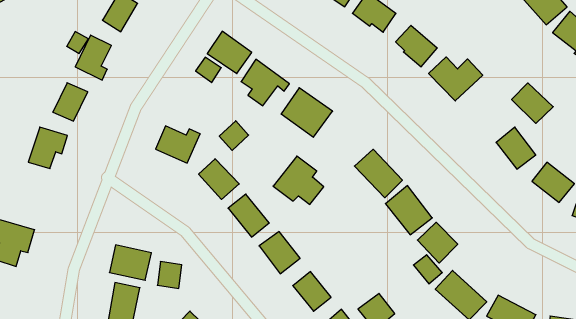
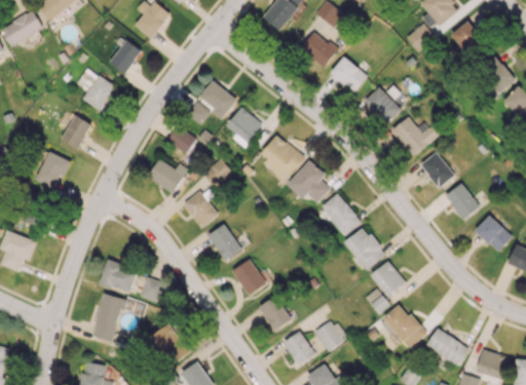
building: [512,83,553,123] -> [420,152,456,188]
building: none -> [166,126,196,154]
building: [273,156,324,204] -> [287,160,331,203]

